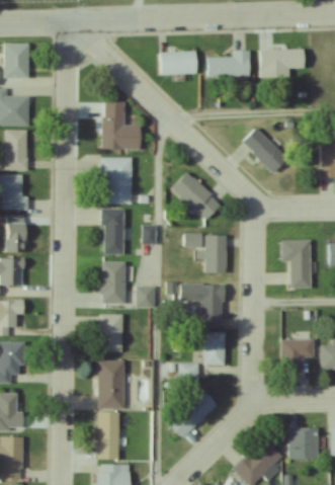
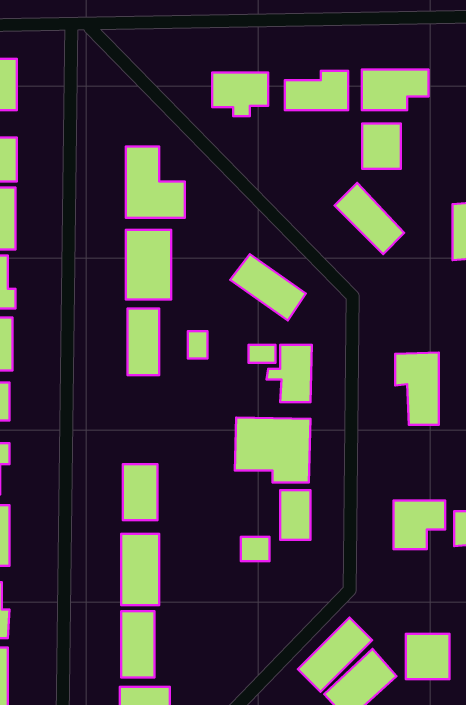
building: none -> [362,124,401,169]
building: [101,261,125,305] -> none
building: [168,390,218,439] -> [298,618,372,692]

